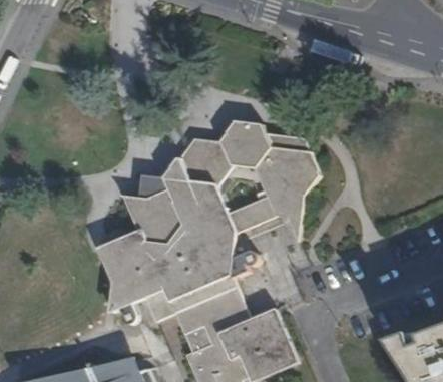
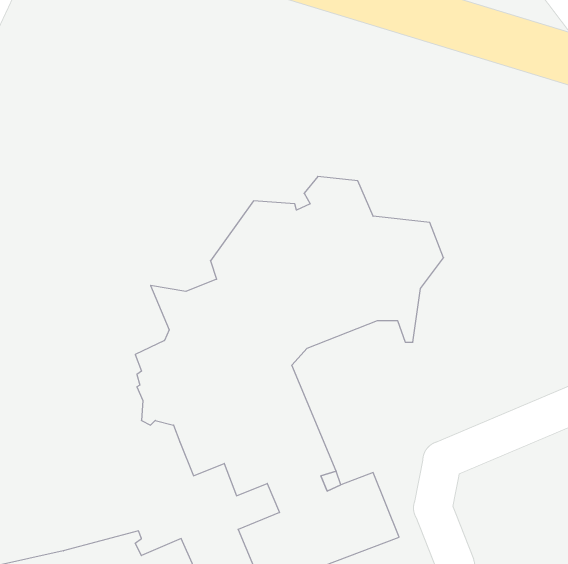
building: [98,241,144,313] -> none

